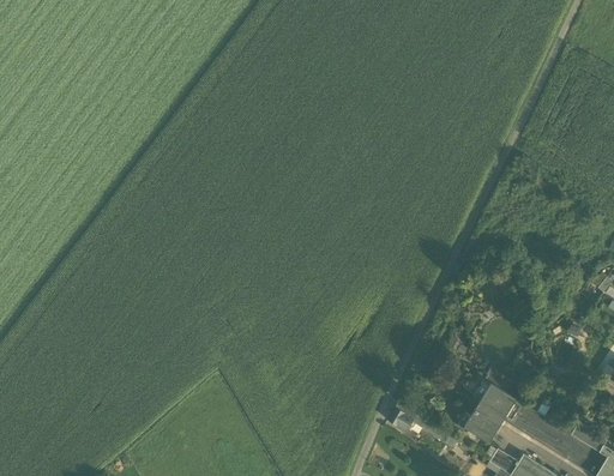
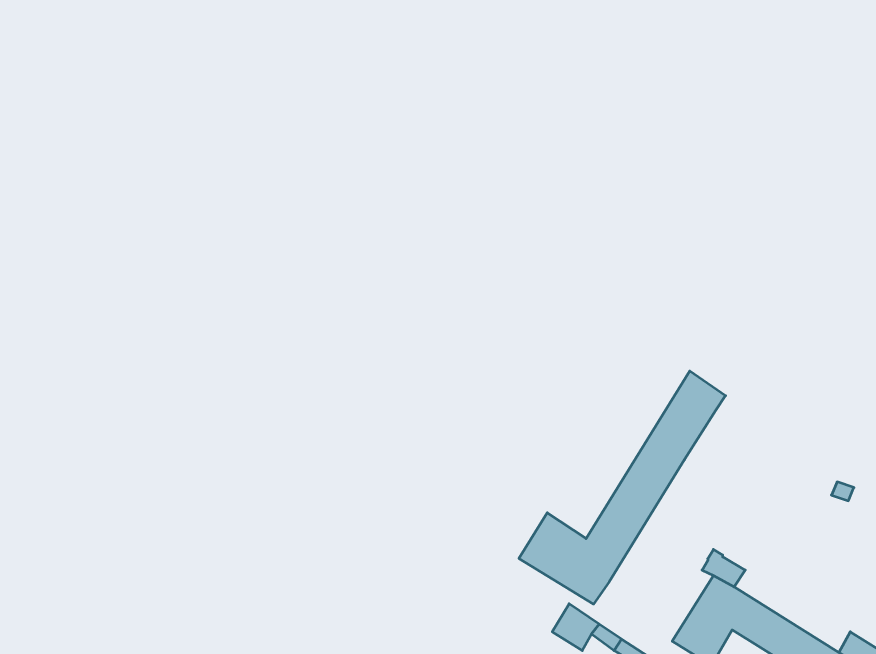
building: none -> [519,371,726,604]

